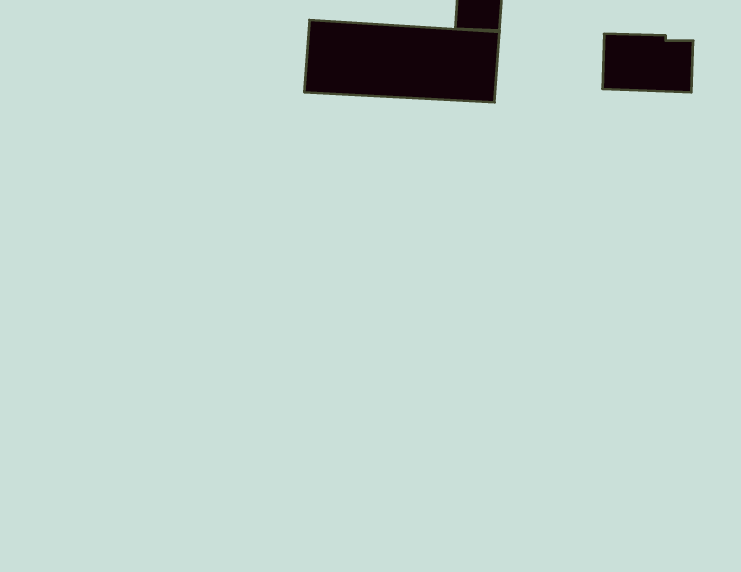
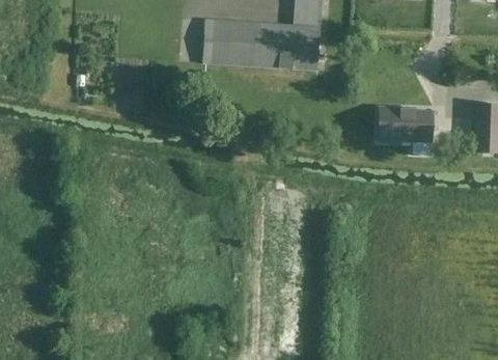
building: [602,34,693,92] -> [378,105,433,140]

